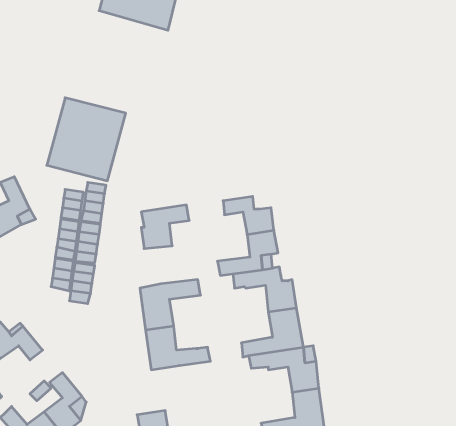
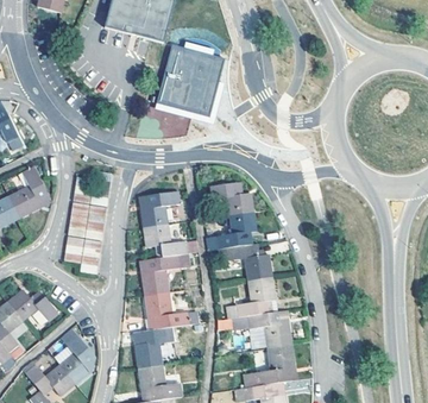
building: [47,98,126,181] -> [157,45,224,115]
building: none -> [143,225,197,257]
building: none -> [132,326,174,367]

